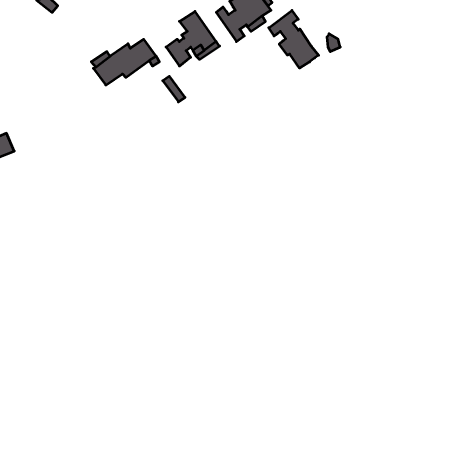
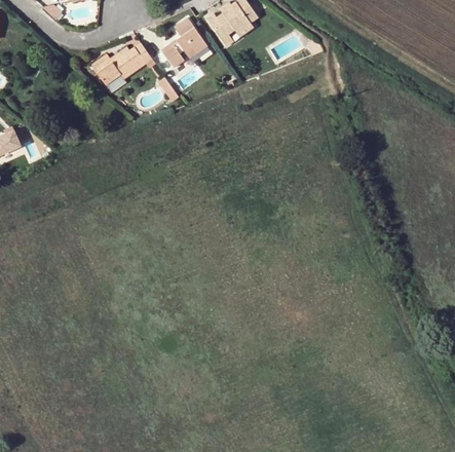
building: [269,10,319,68] -> none

